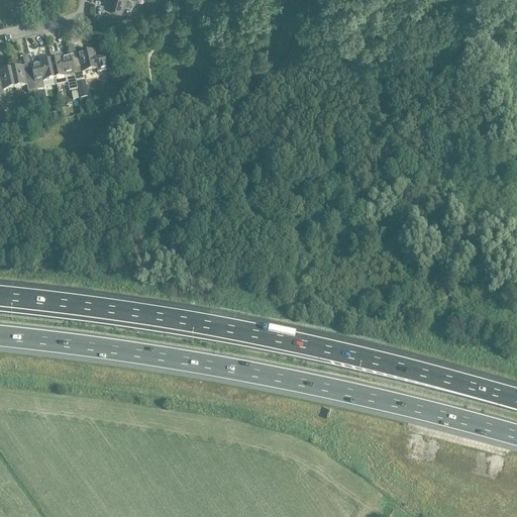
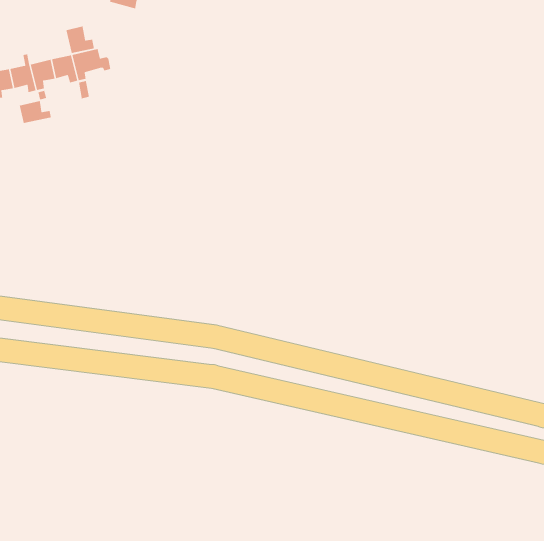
building: none -> [66,26,95,54]
building: none -> [19,100,52,124]

